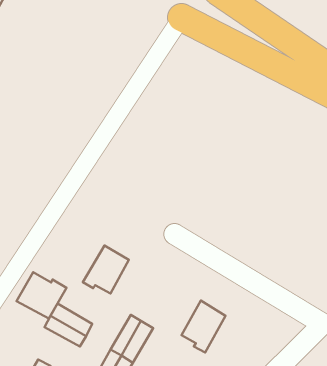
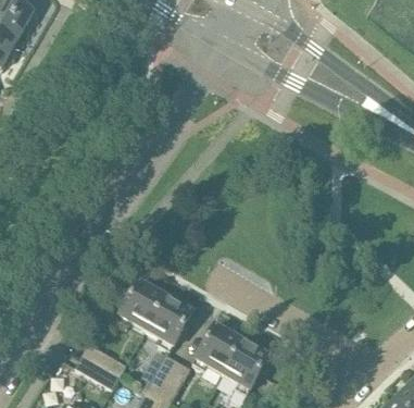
building: none -> [143,294,190,349]
building: [16,272,67,318] -> none
building: none -> [190,322,240,374]

